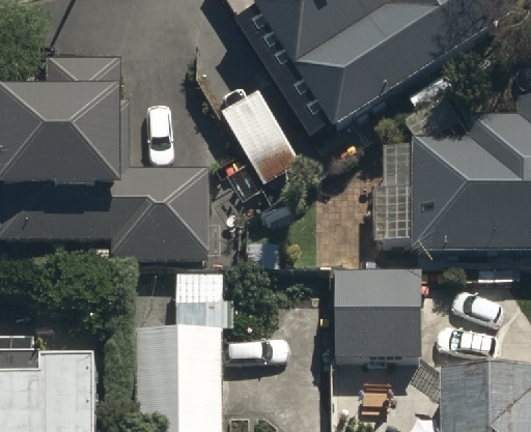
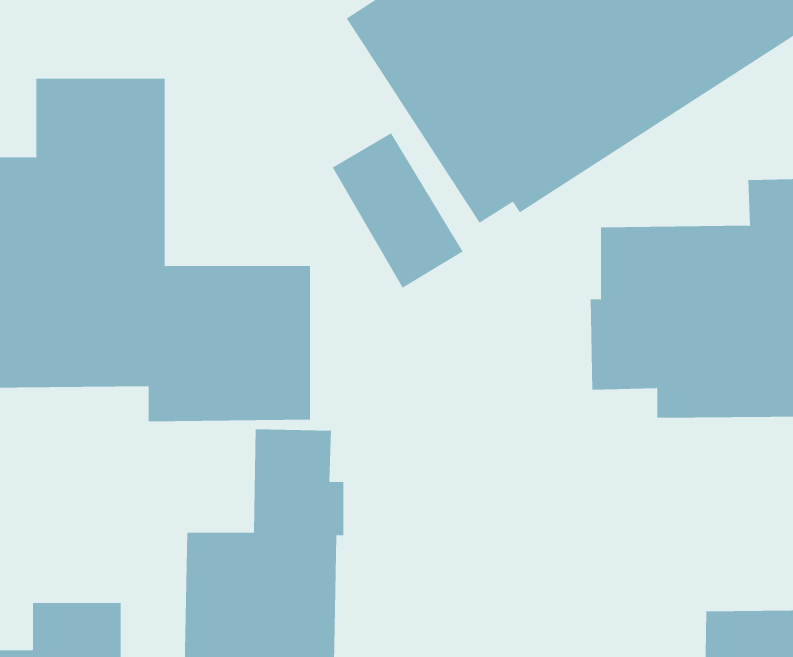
building: [335,272,421,363] -> none

